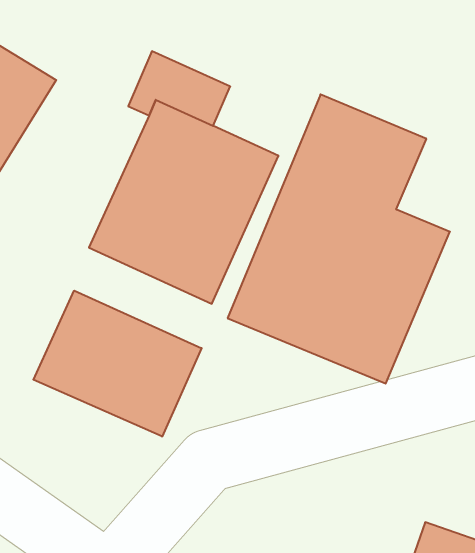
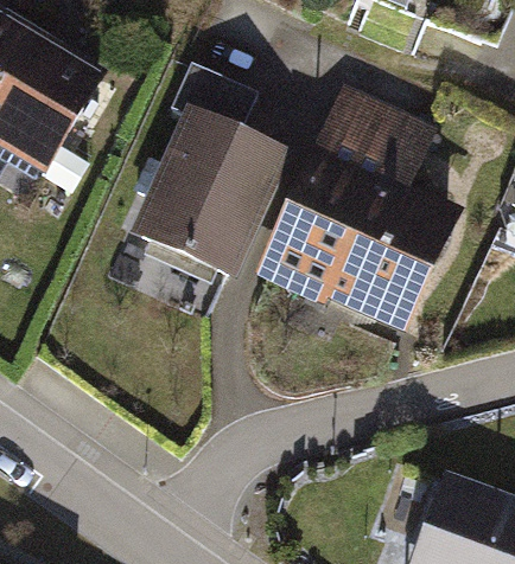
building: [33,291,202,437] -> none

